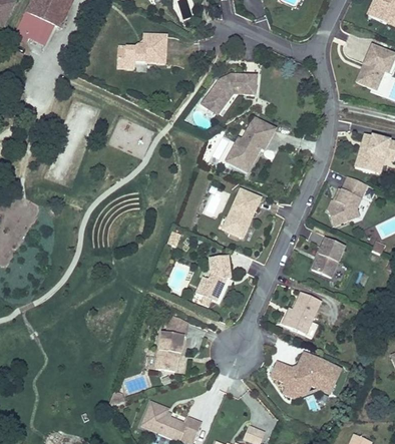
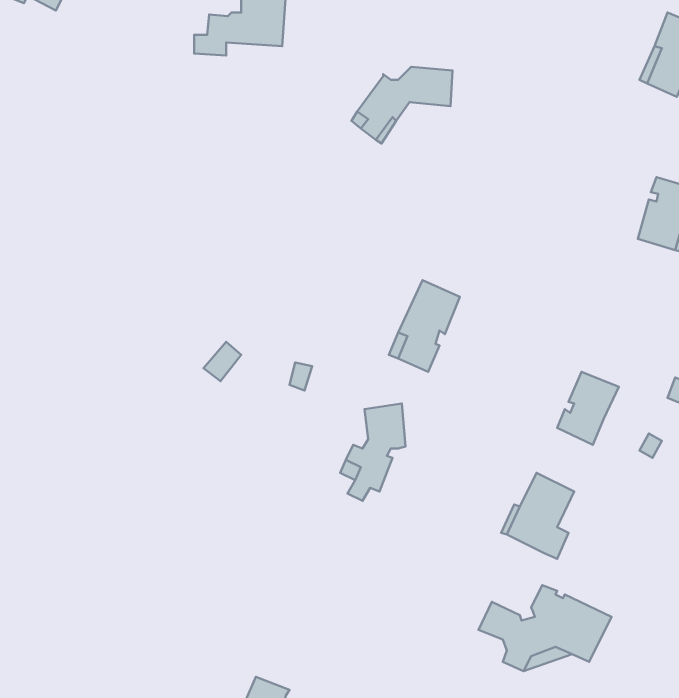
building: [224,113,275,171] -> none
building: [327,175,367,225] -> none
building: [155,331,183,372] -> none

